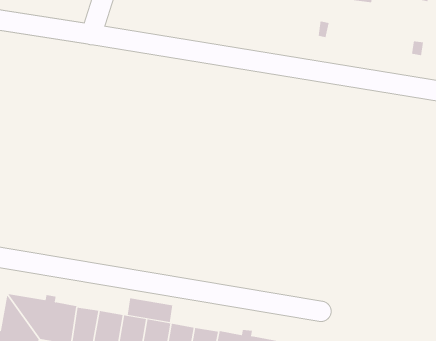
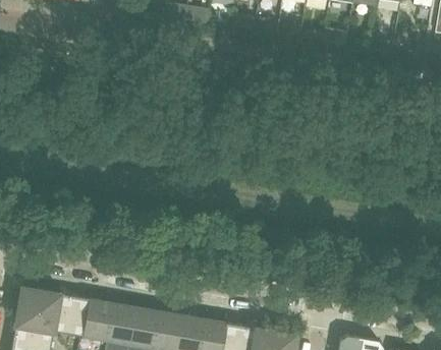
building: [127,297,173,323] -> none

